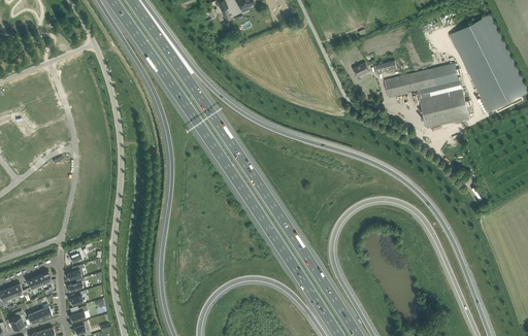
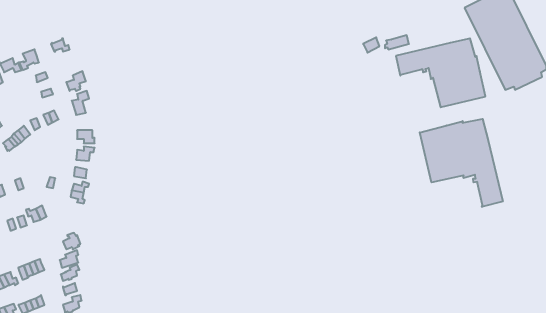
building: none -> [420,119,503,207]

